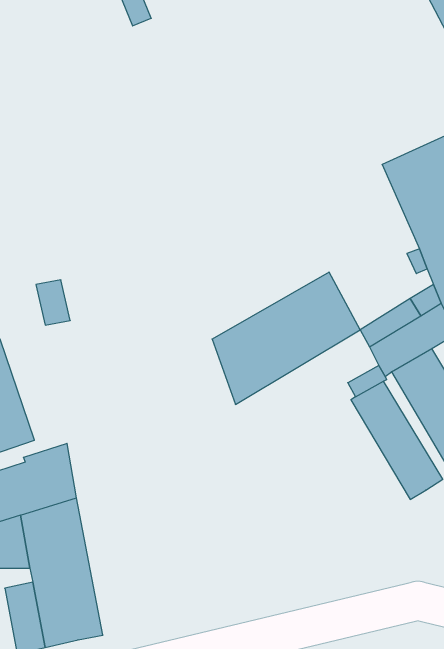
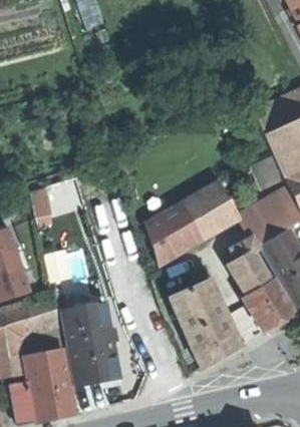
building: none -> [171,280,241,368]
building: none -> [64,303,119,384]

